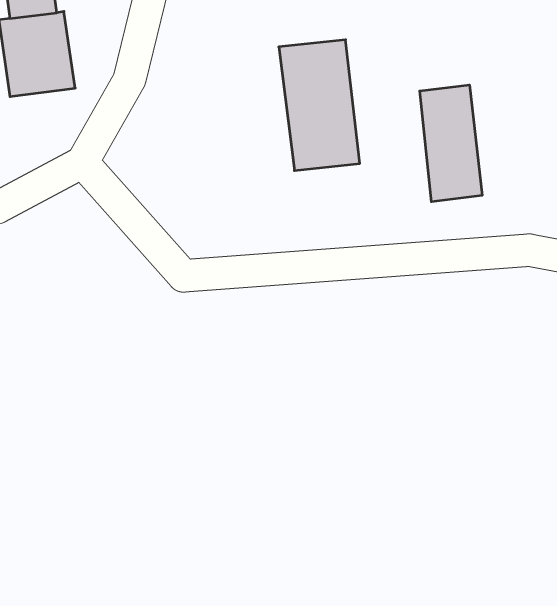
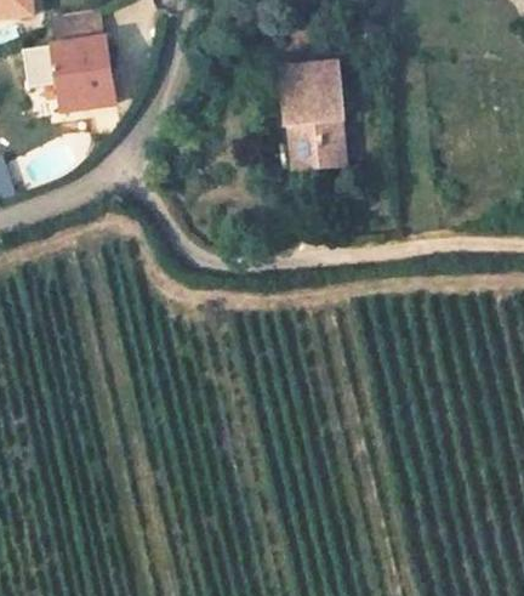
building: [420,85,482,202] -> none

